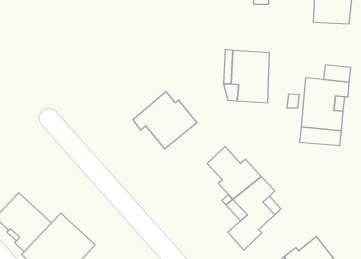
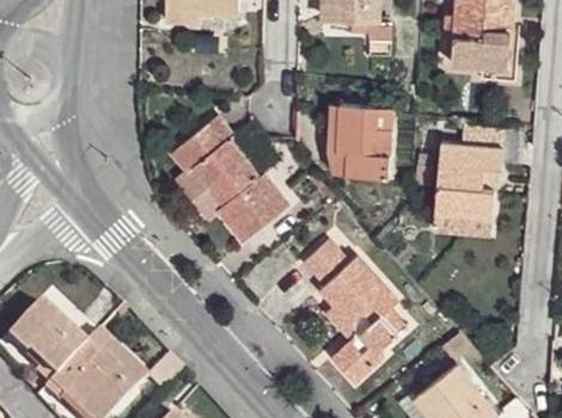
building: none -> [171,115,246,199]

